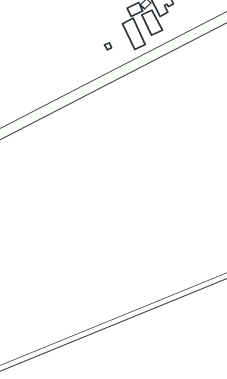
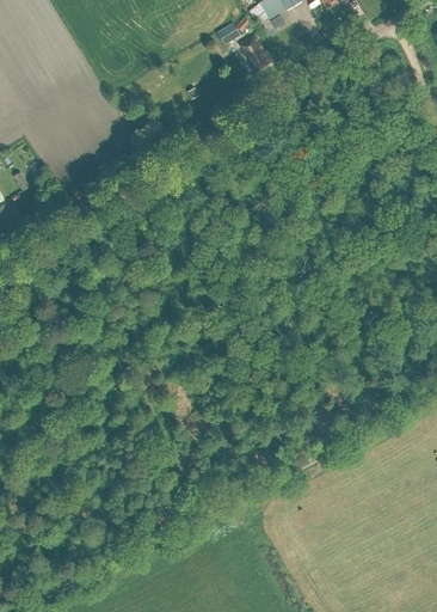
building: [123,18,145,49] -> none

